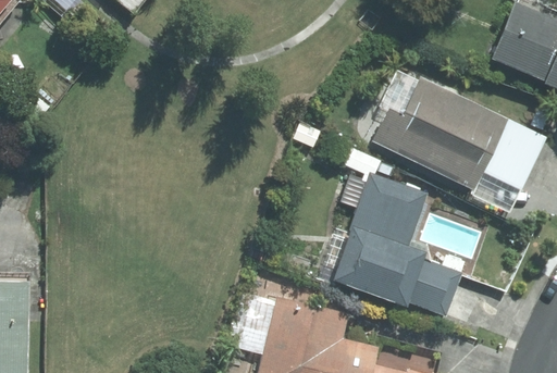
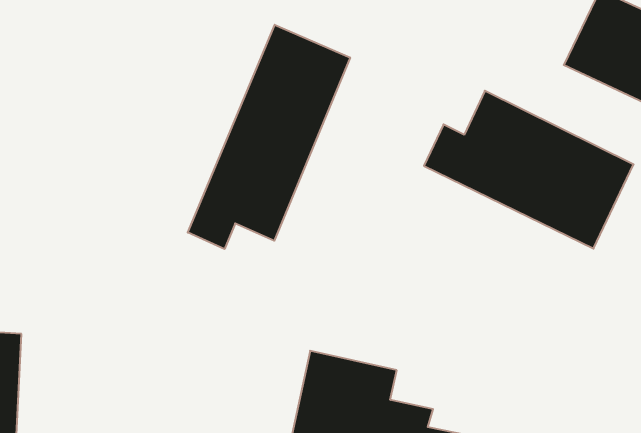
building: none -> [188,25,350,249]
building: [314,171,460,314] -> none

